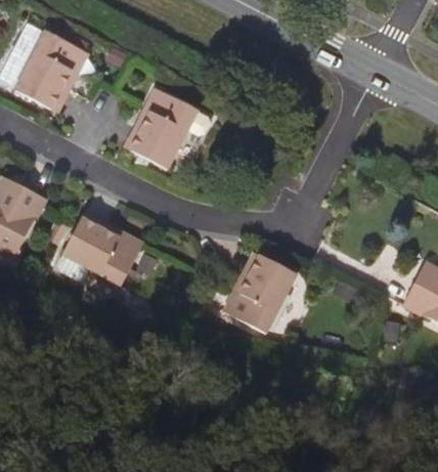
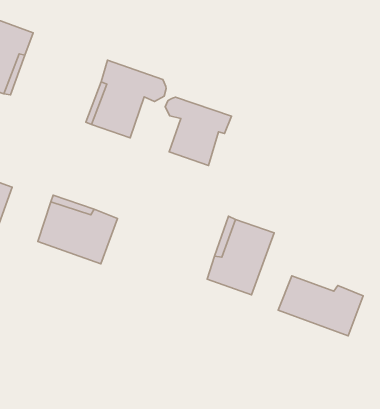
building: none -> [165,97,232,165]
building: none -> [278,276,363,336]

